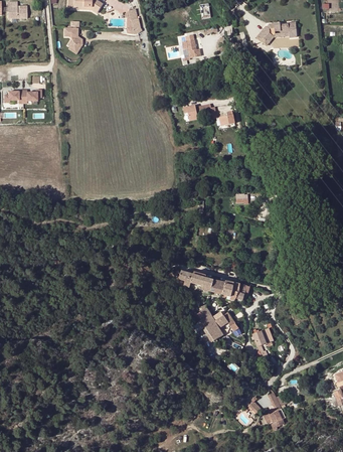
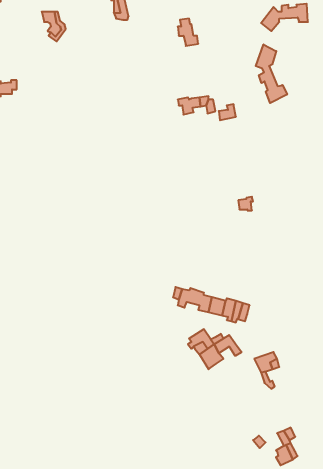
building: none -> [256,44,287,103]

